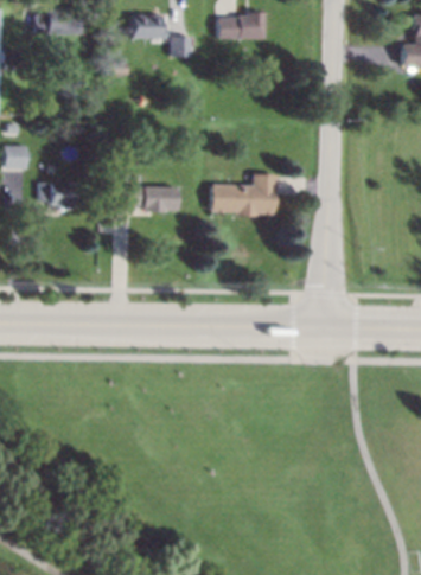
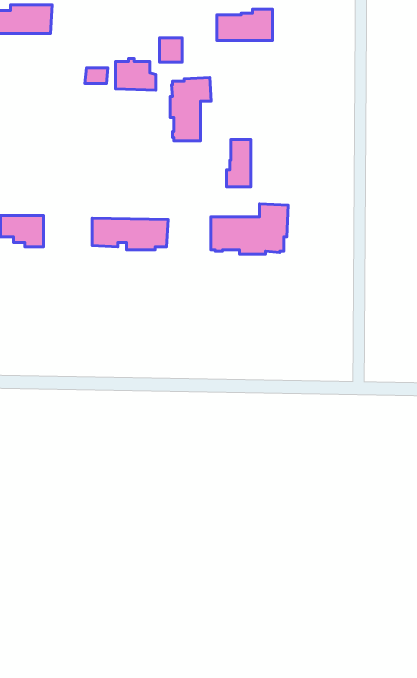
building: [132,13,165,39] -> [116,59,156,90]
building: none -> [170,78,211,141]
building: none -> [226,140,251,187]

